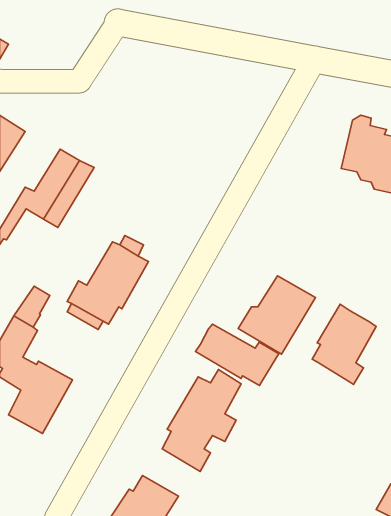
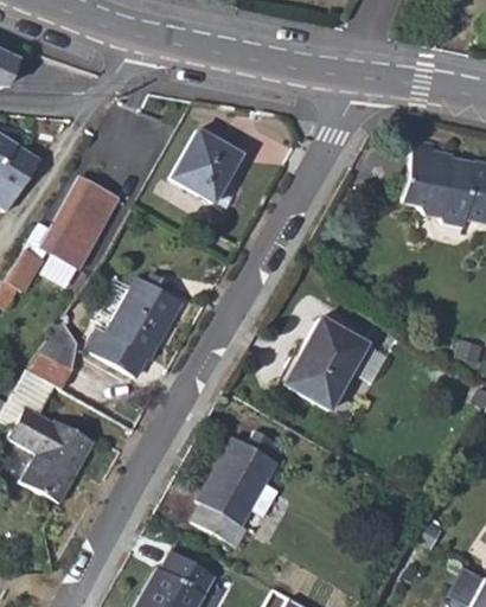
building: none -> [177,123,248,197]
building: [312,304,376,384] -> none
building: [195,324,279,386] -> none

